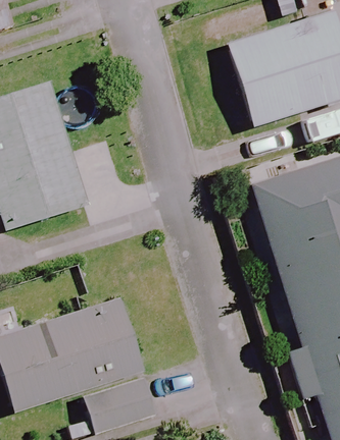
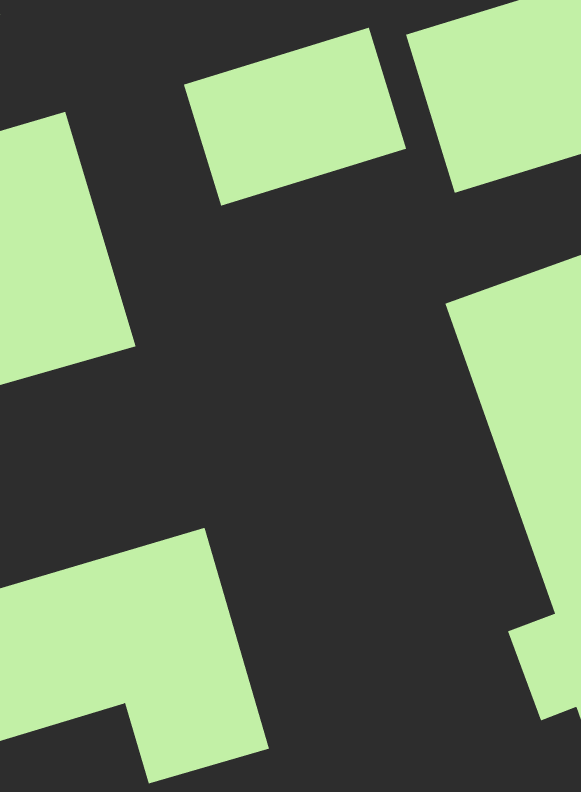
building: none -> [183,27,407,207]

